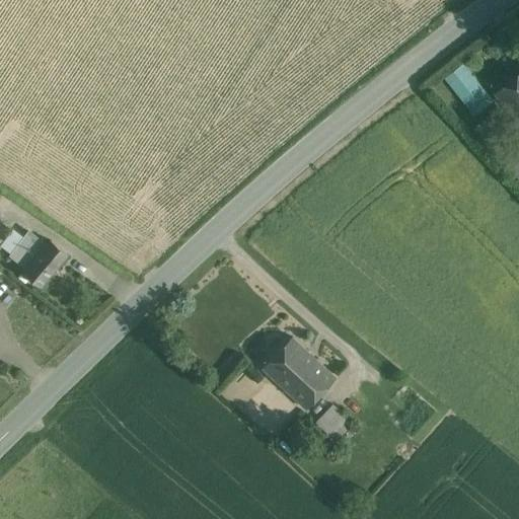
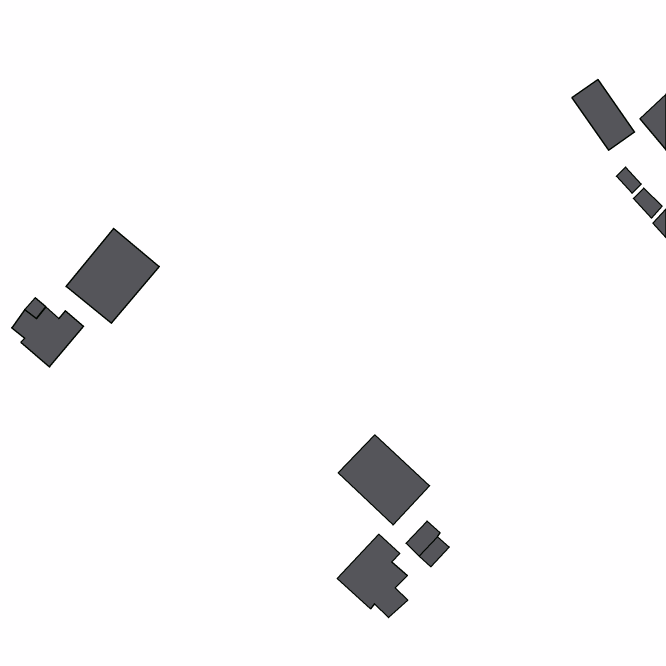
building: none -> [66,228,159,323]
building: none -> [337,534,408,618]

